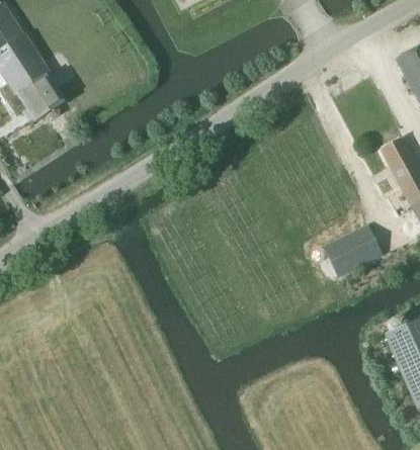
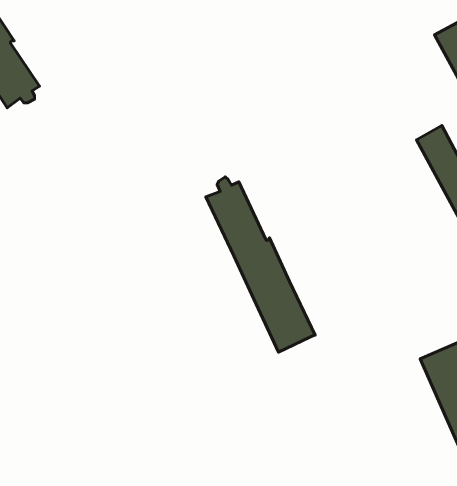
building: none -> [206,177,315,352]
building: [323,224,383,276] -> none

